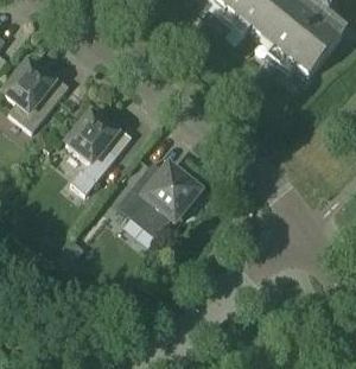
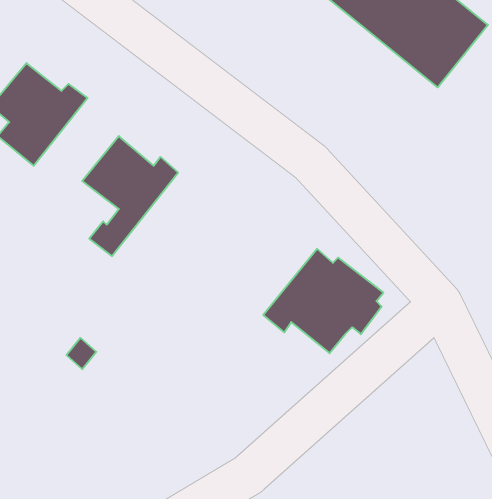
building: [117,158,199,229] -> [263,249,383,353]

